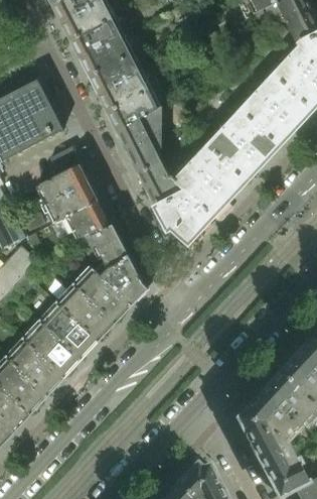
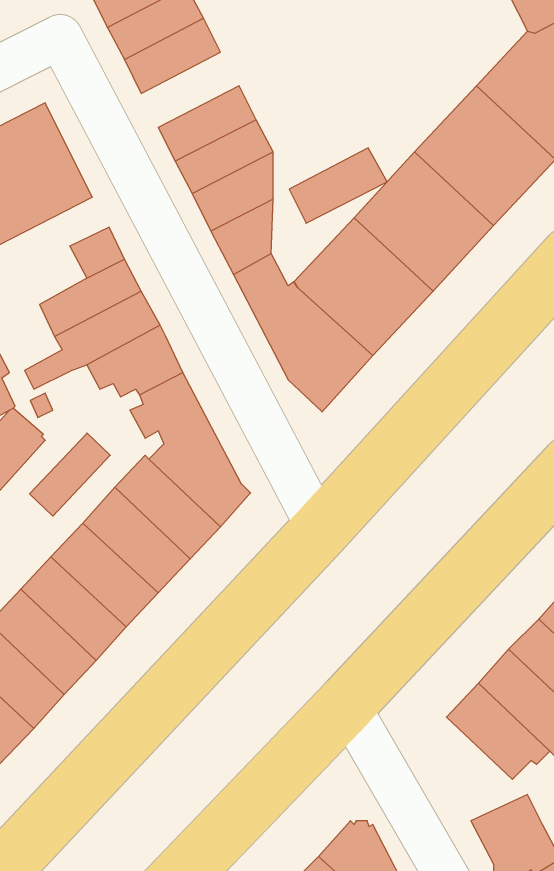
building: [89,52,141,93] -> [289,148,387,223]
building: none -> [30,433,110,516]
building: [242,408,295,464] -> none

